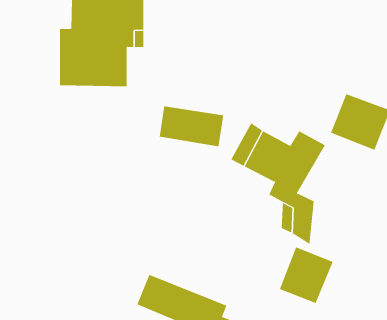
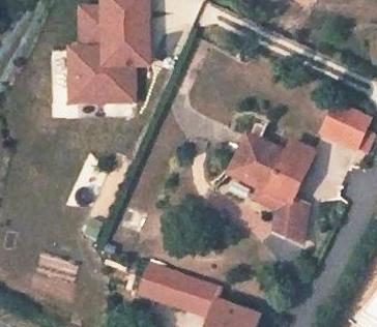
building: [159,106,224,147] -> none
building: [279,246,333,304] -> none

